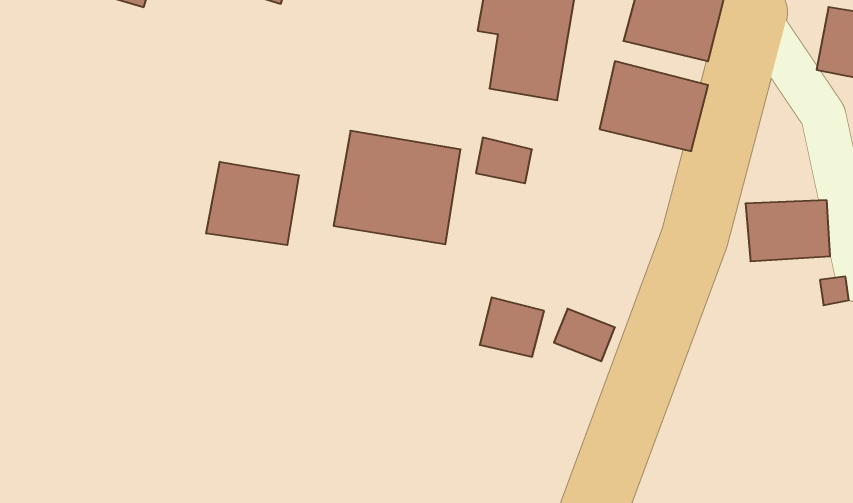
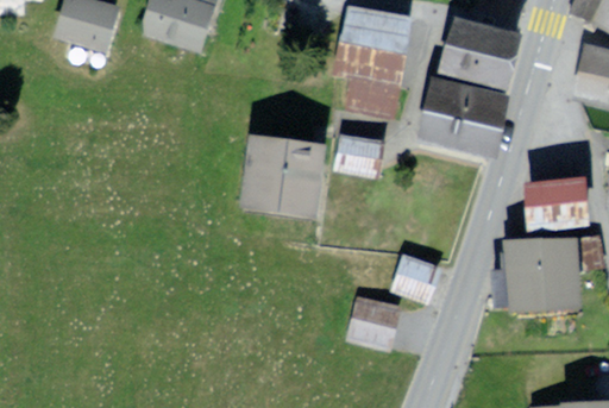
building: [206,162,299,245] -> none
building: none -> [511,234,577,300]
building: [480,297,544,357] -> [351,300,396,341]

